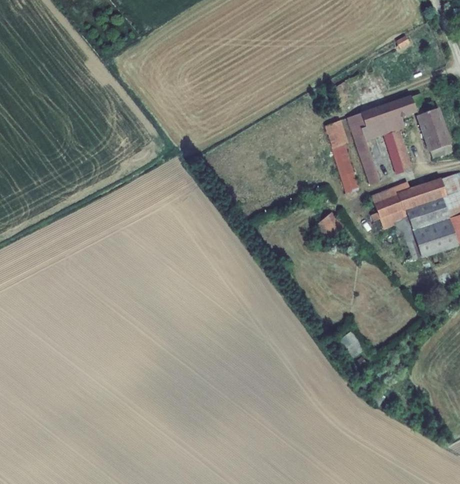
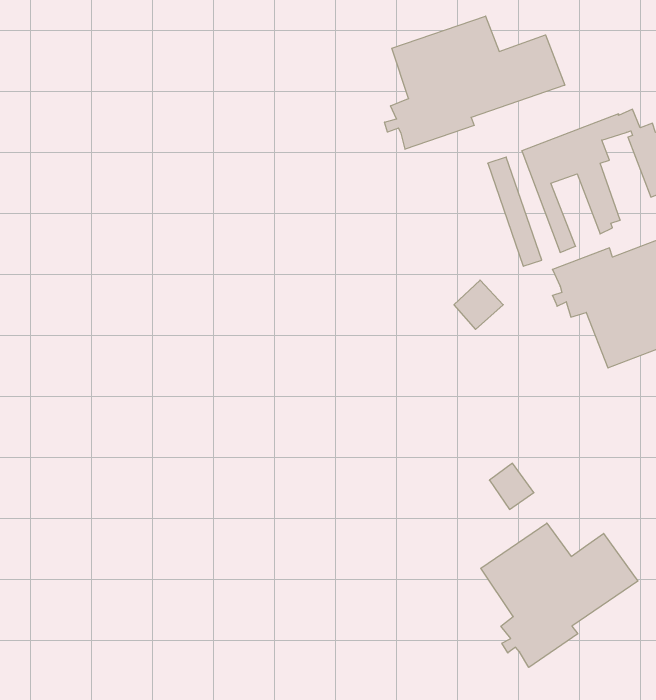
building: none -> [385,16,565,149]
building: none -> [481,523,638,667]

